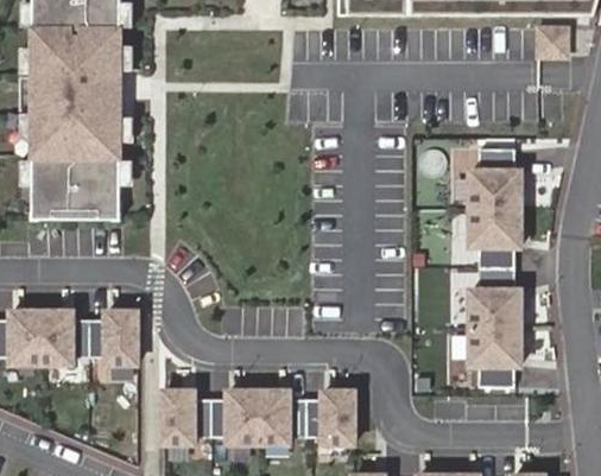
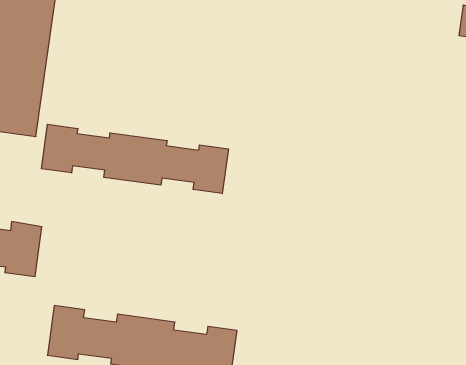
building: [470,148,520,387] -> none
building: none -> [41,124,228,194]

